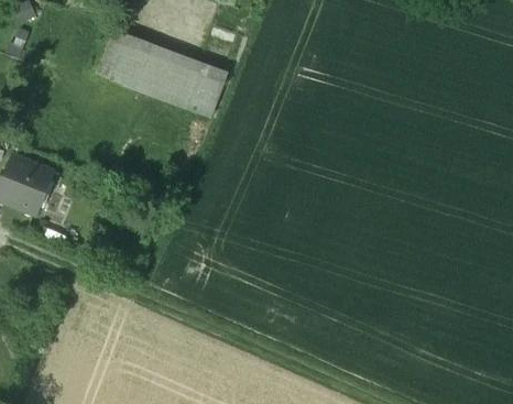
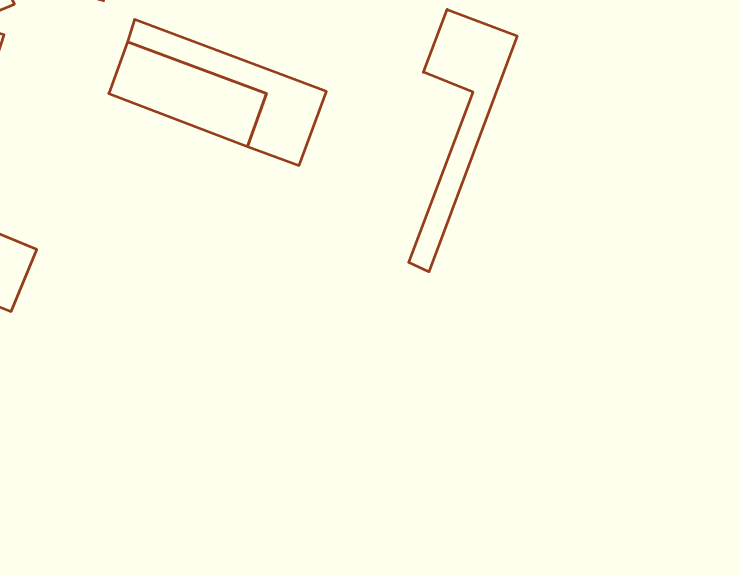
building: none -> [409,9,517,272]

